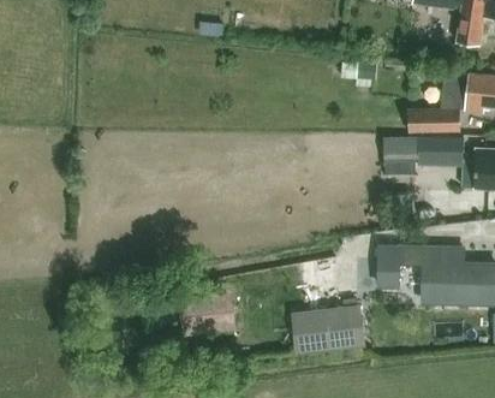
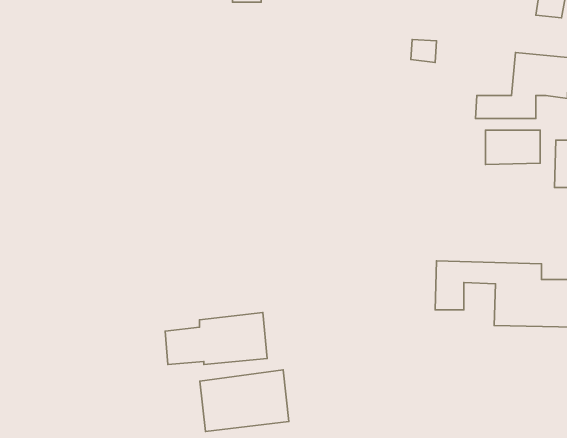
building: [383,137,418,161] -> none
building: [291,303,365,355] -> [200,370,289,432]

